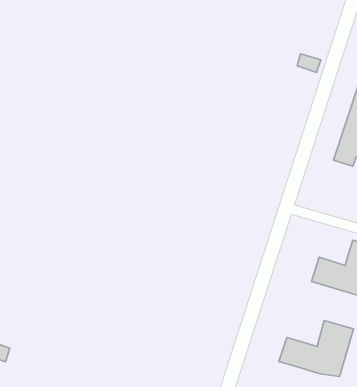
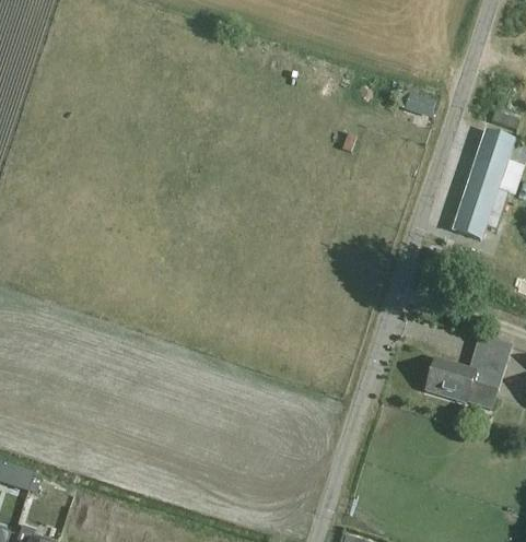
building: [279,320,354,376] -> none

